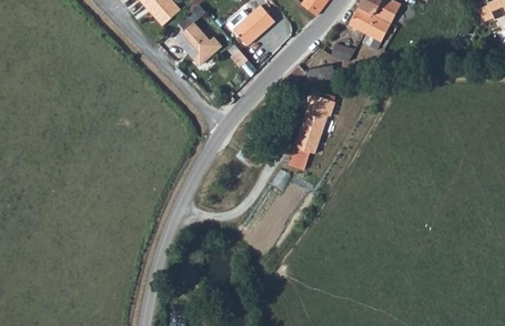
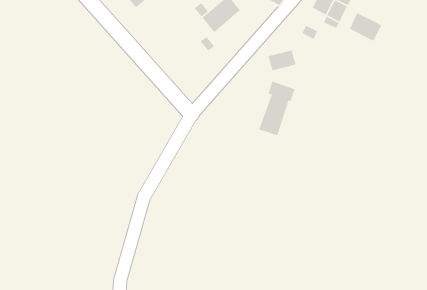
building: [173,19,221,61] -> none
building: none -> [349,12,382,42]

